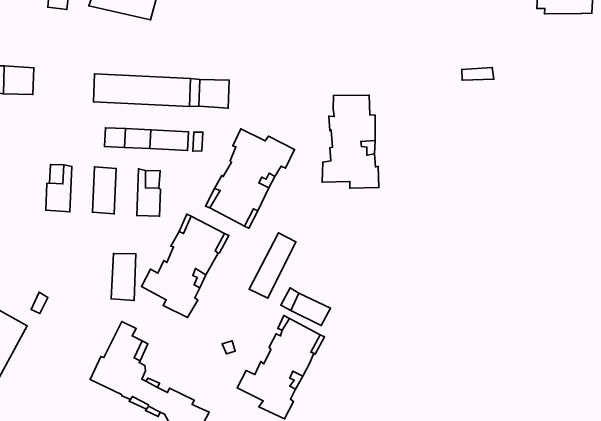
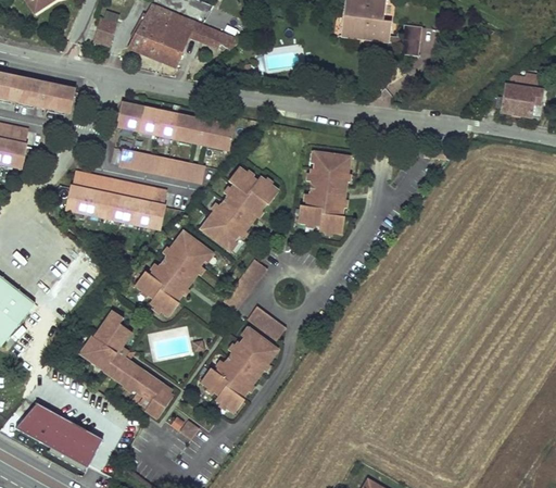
building: none -> [86,176,112,216]
building: [111,253,136,301] -> [122,184,148,225]

